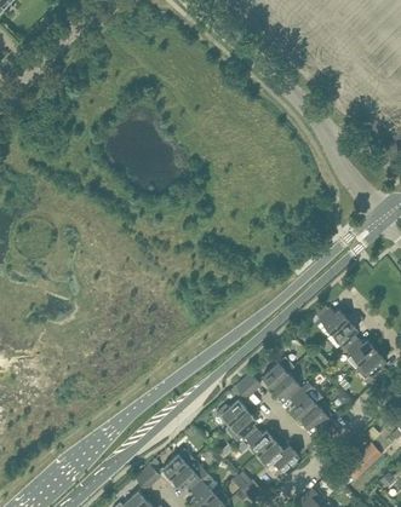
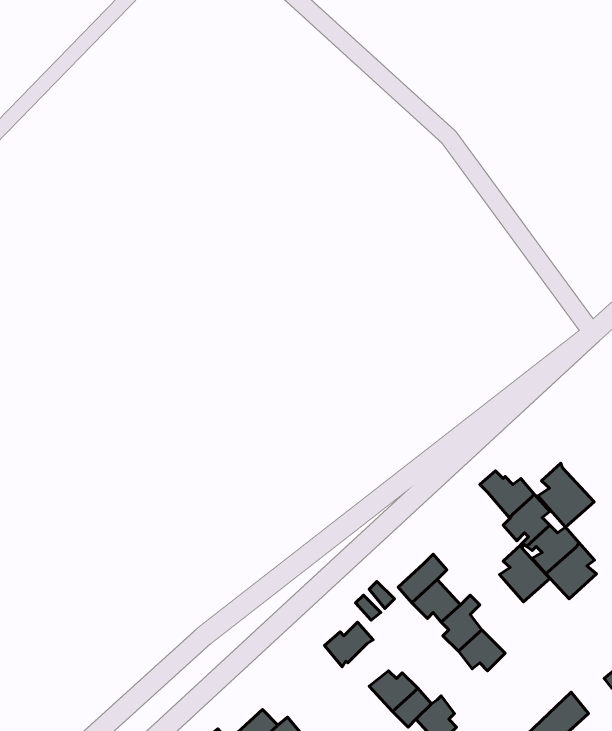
building: none -> [538,463,594,527]
building: none -> [500,545,550,602]
building: [224,410,257,445] -> none

